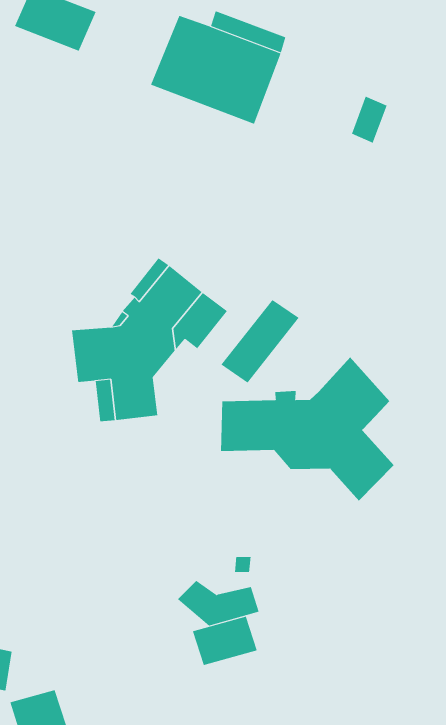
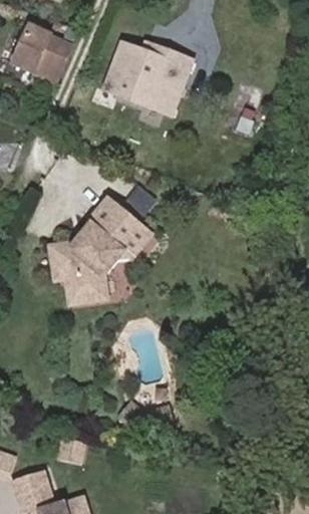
building: [221,299,300,383] -> none
building: [220,357,395,502] -> none
building: [192,616,257,666] -> none

